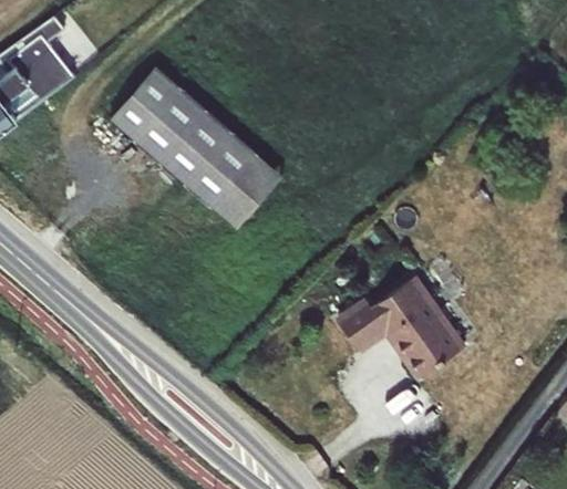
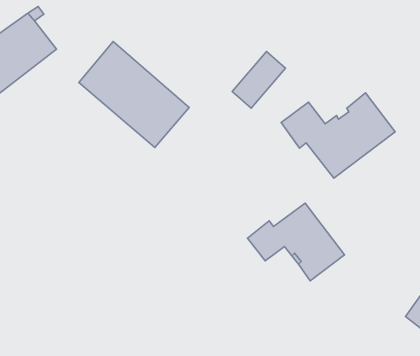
building: none -> [281,93,395,178]
building: [212,152,282,227] -> [232,52,286,108]

